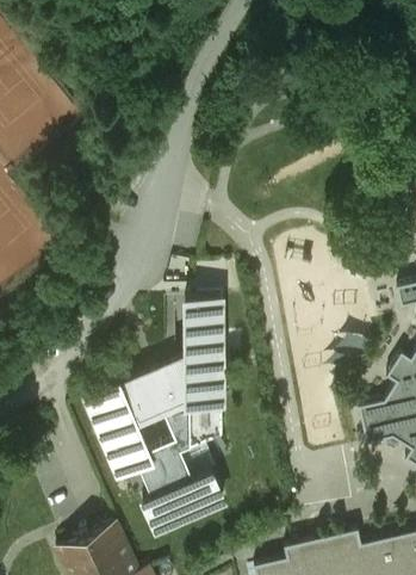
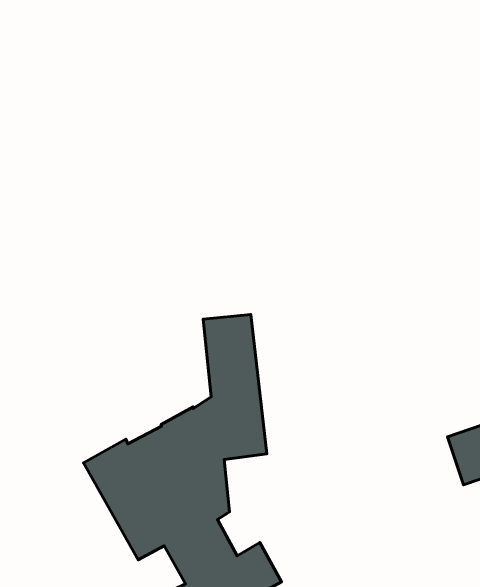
building: [186,406,222,451] -> none

